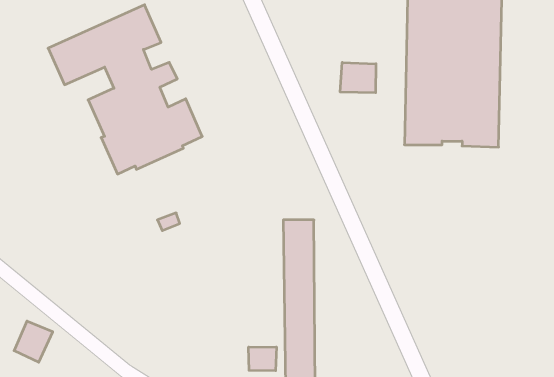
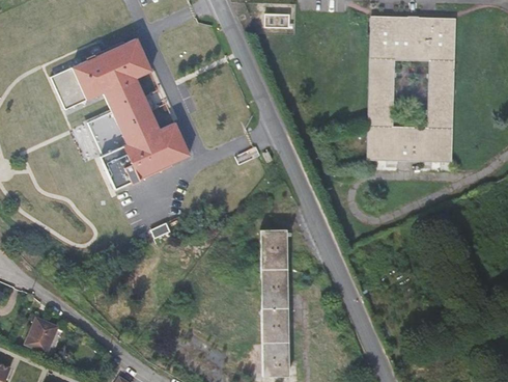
building: [340,62,376,93] -> none
building: [249,347,276,371] -> none

